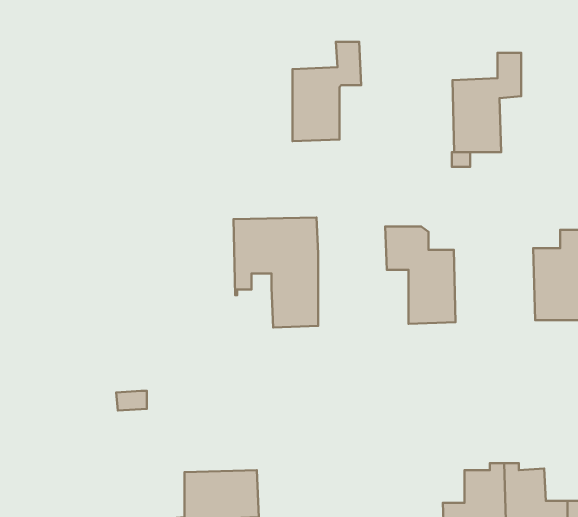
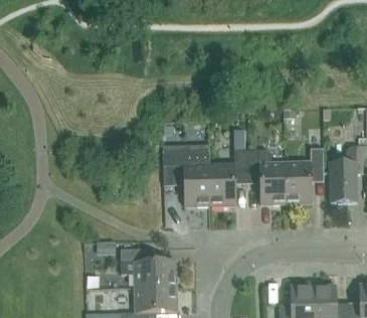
building: [292,42,361,141] -> [209,150,247,205]
building: [452,53,521,152] -> [285,148,323,203]
building: none -> [120,249,175,287]

